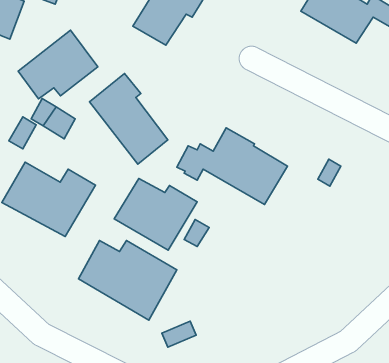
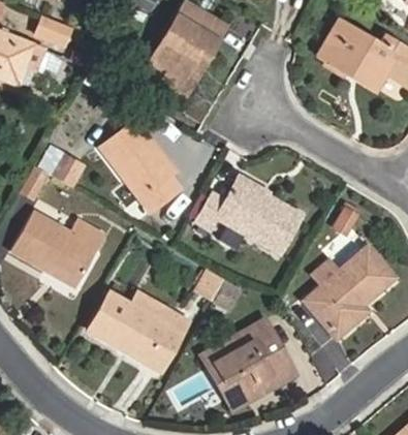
building: [18,30,98,99] -> none
building: [114,178,197,250] -> none
building: none -> [305,247,394,337]
building: none -> [206,320,293,409]

